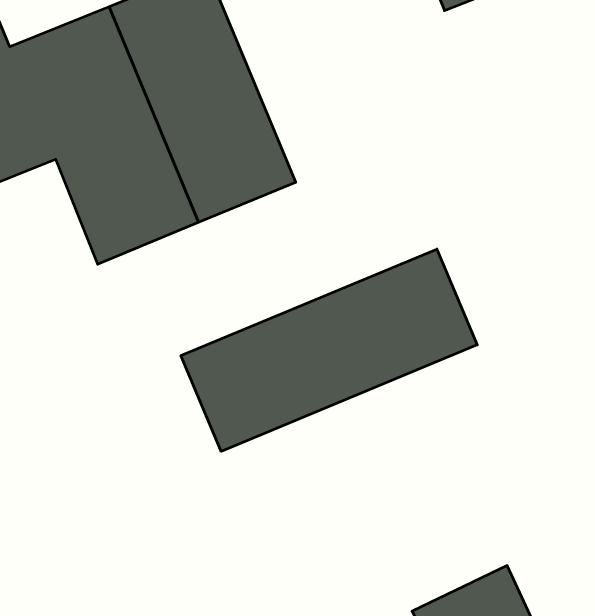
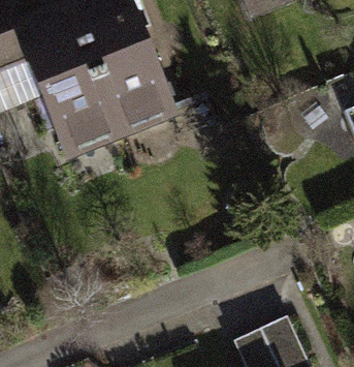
building: [181,249,477,451] -> none

